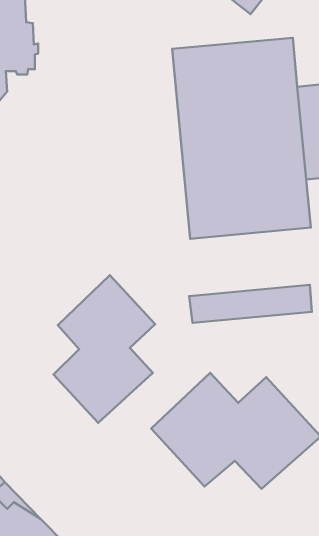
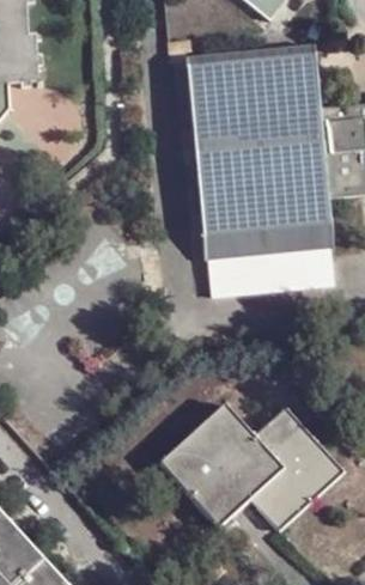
building: [54,275,155,423] -> none
building: [189,285,312,323] -> [205,249,336,290]

